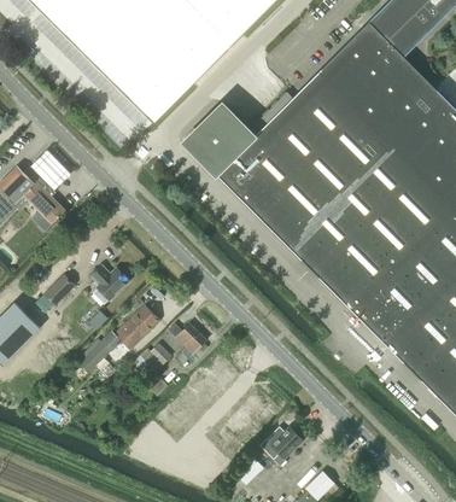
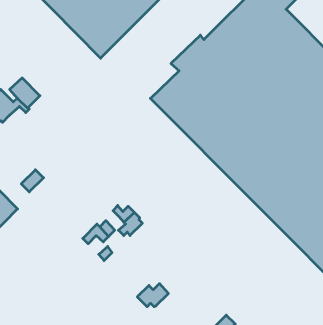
building: [185,105,258,177] -> none
building: [29,188,65,223] -> none
building: [90,265,129,304] -> none
building: [80,304,160,372] -> none
building: [259,427,302,459] -> [137,284,168,307]

